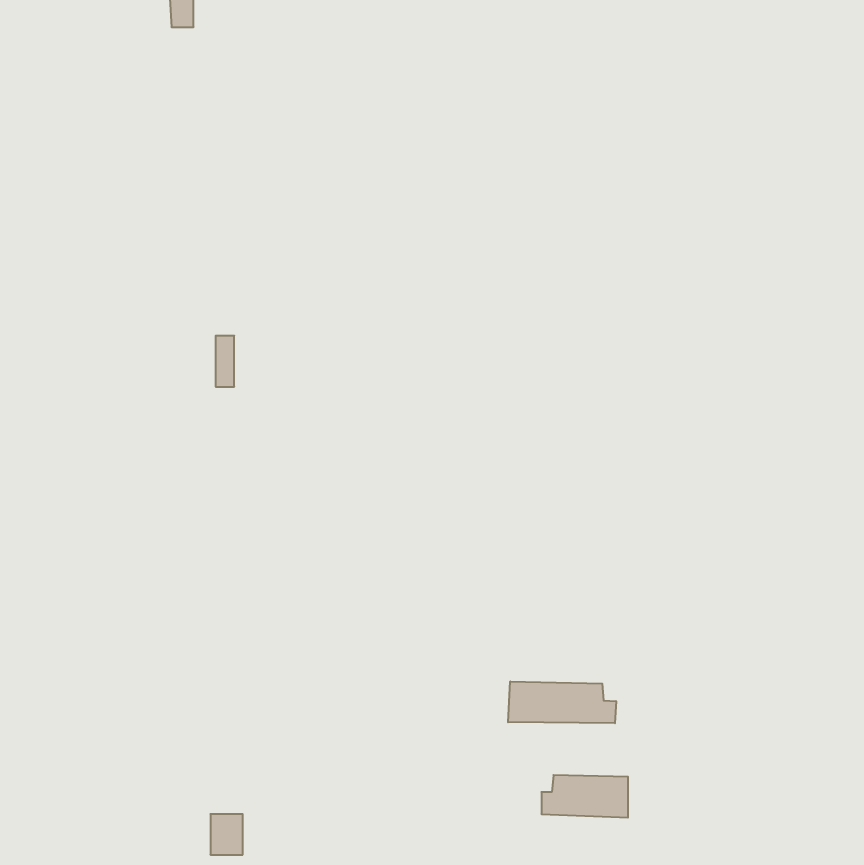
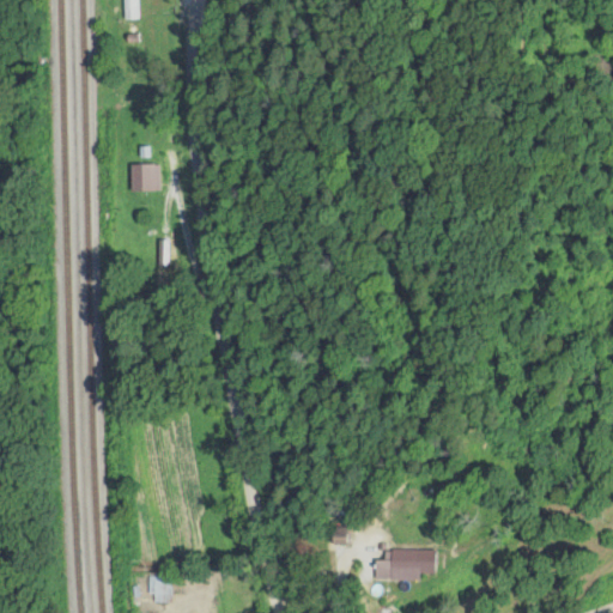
building: none -> [135,164,159,190]
building: [508,681,616,723] -> none

